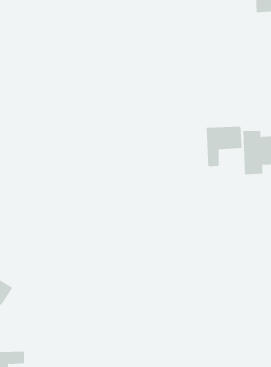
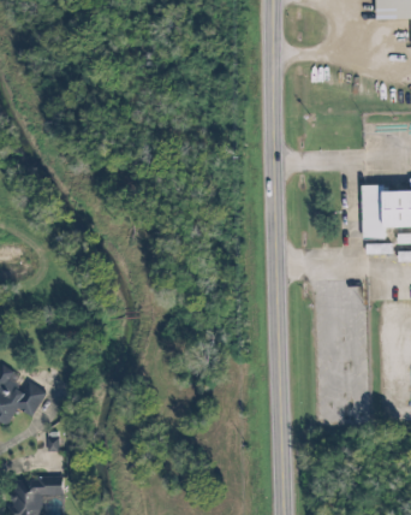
building: [206,126,242,167] -> none

